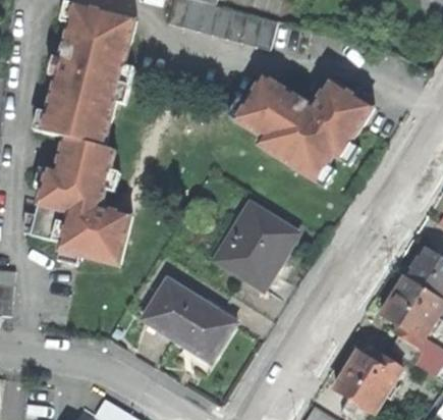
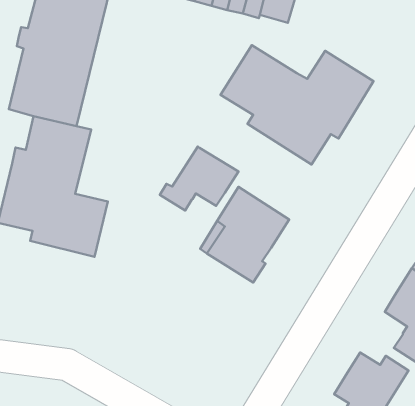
building: none -> [160,146,239,211]
building: [142,278,233,361] -> none

